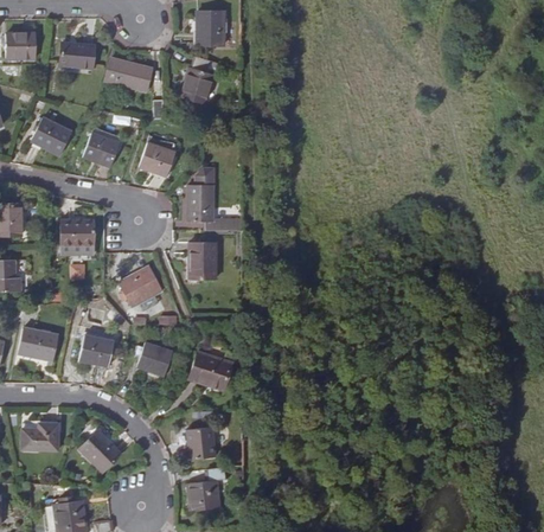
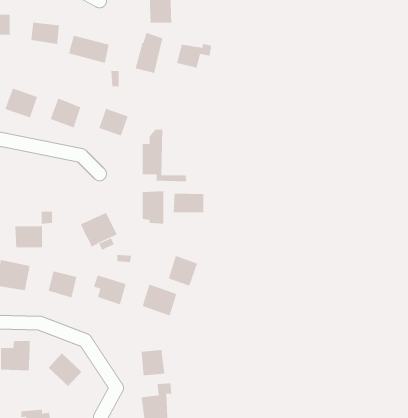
building: none -> [177,43,212,69]
building: [59,220,92,246] -> [15,226,43,248]
building: none -> [173,193,204,213]
building: none -> [168,255,198,287]

